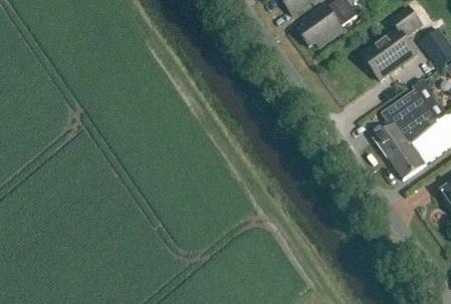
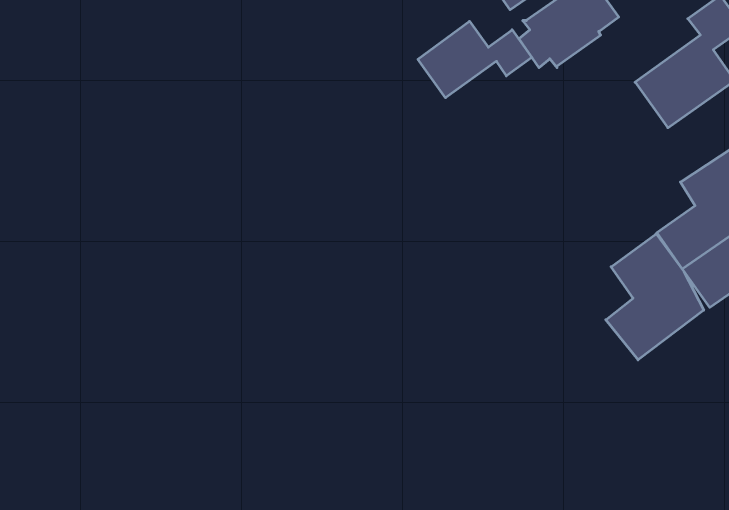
building: none -> [418,21,532,98]
building: none -> [606,234,704,360]

